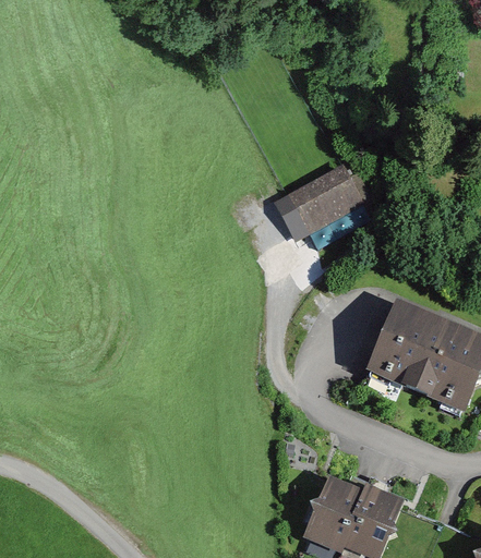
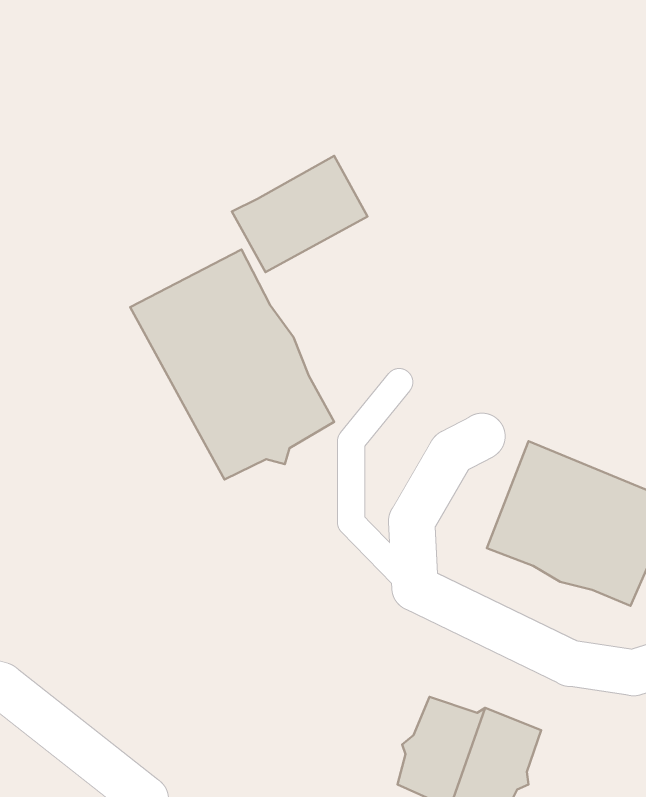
building: [272,155,364,234] -> [232,156,368,272]
building: none -> [130,249,334,479]

